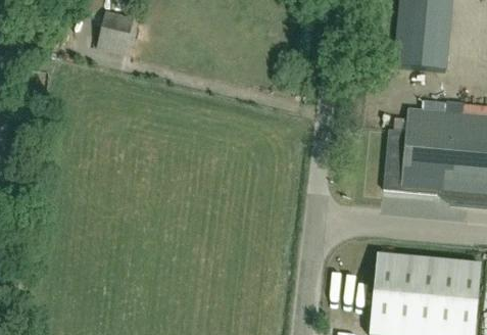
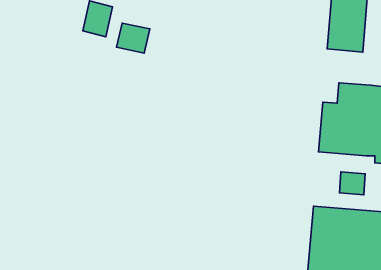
building: none -> [117,23,150,53]
building: none -> [340,172,365,195]

